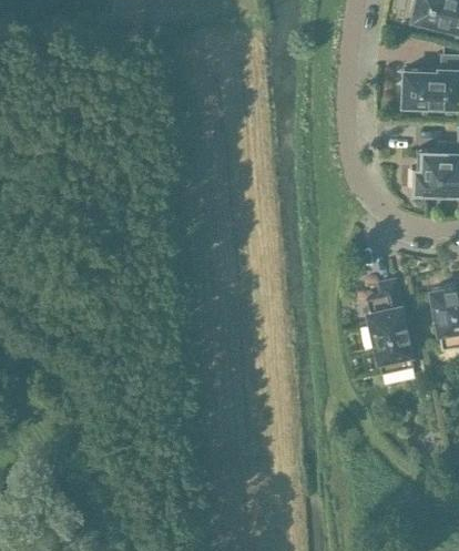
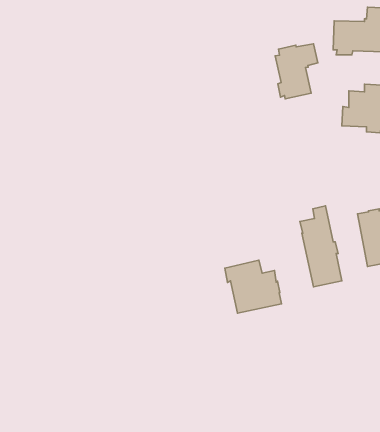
building: none -> [275,44,318,99]
building: none -> [225,260,282,313]

